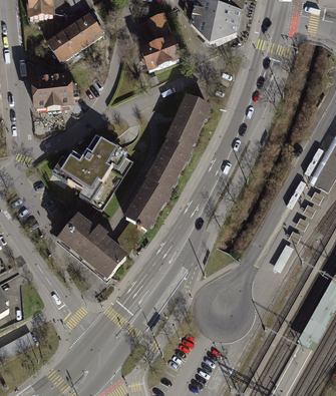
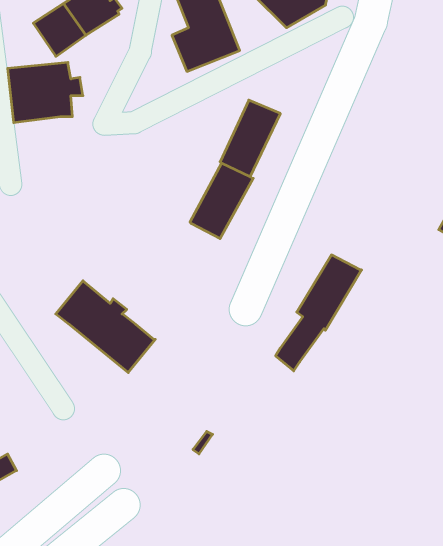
building: [50,134,133,208] -> none
building: [113,177,171,255] -> [276,255,362,371]

